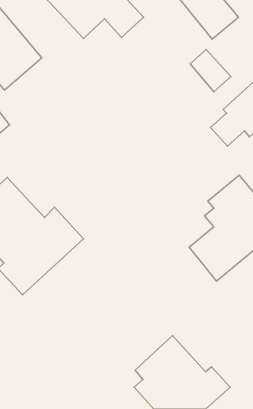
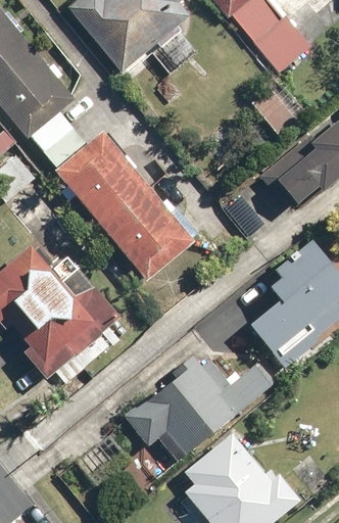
building: none -> [32,114,196,282]
building: none -> [119,350,275,464]

